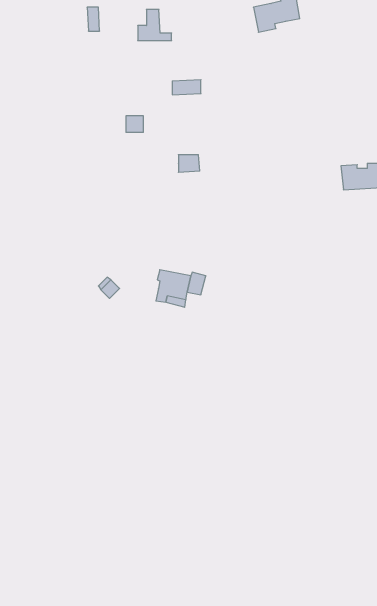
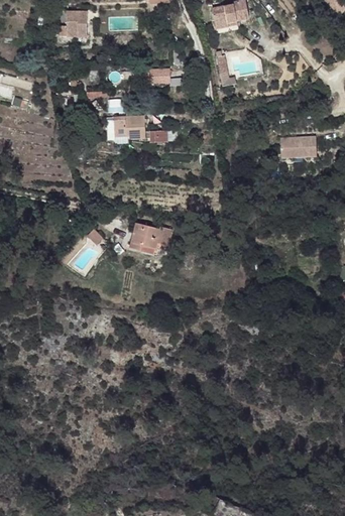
building: [138,9,172,41] -> [60,10,87,35]
building: none -> [114,115,145,137]

